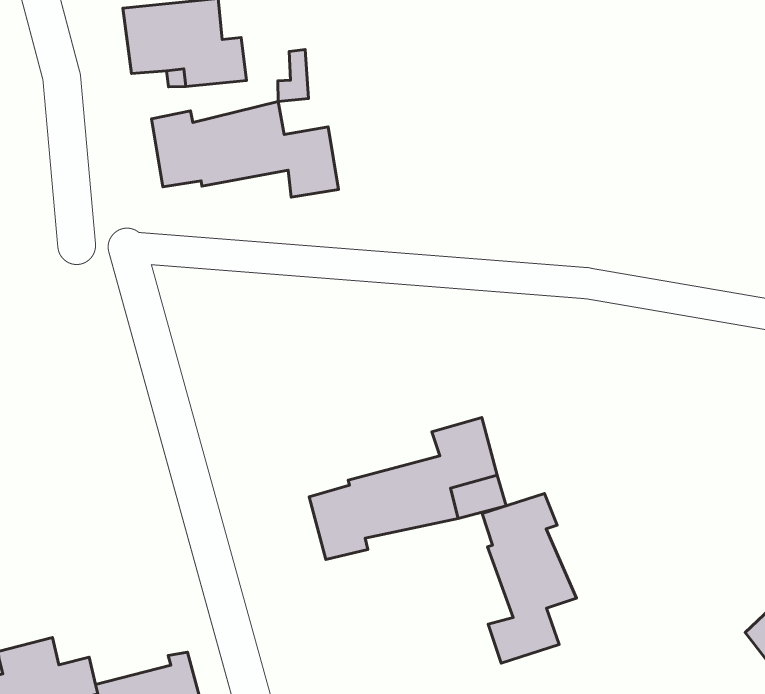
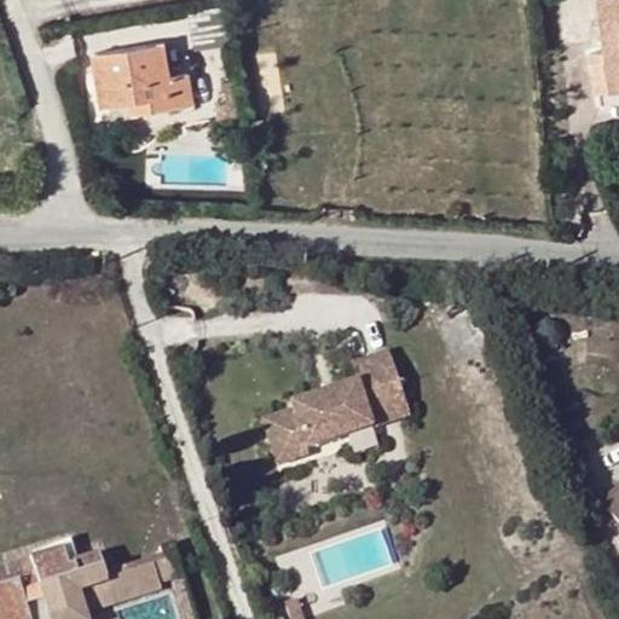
building: [152,102,339,197] -> none
building: [482,493,577,663] -> none

